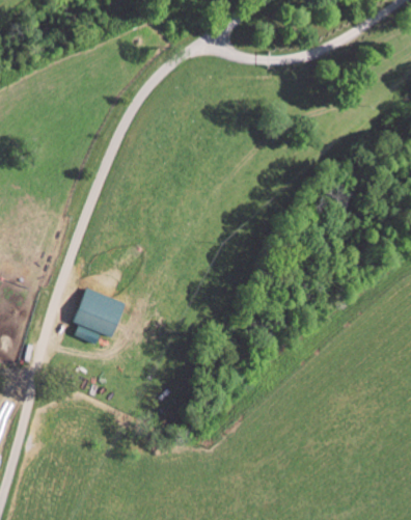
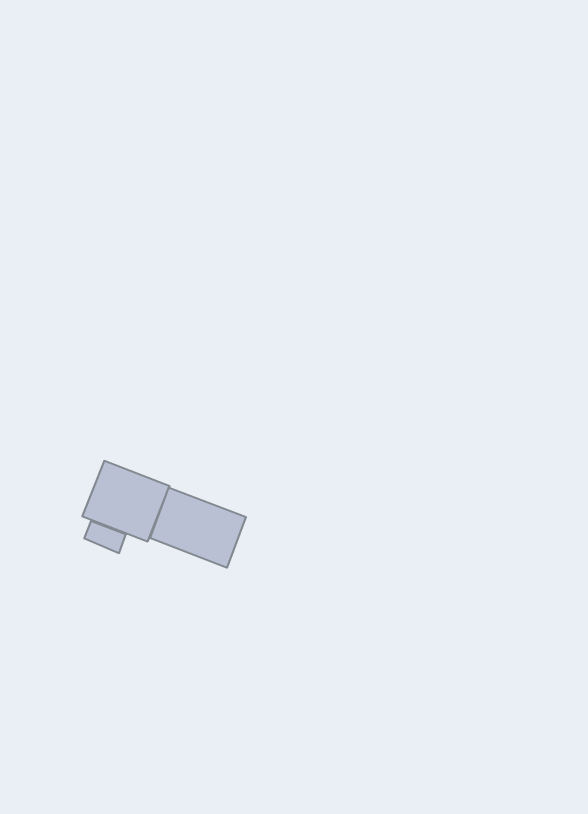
building: none -> [150,487,246,568]

